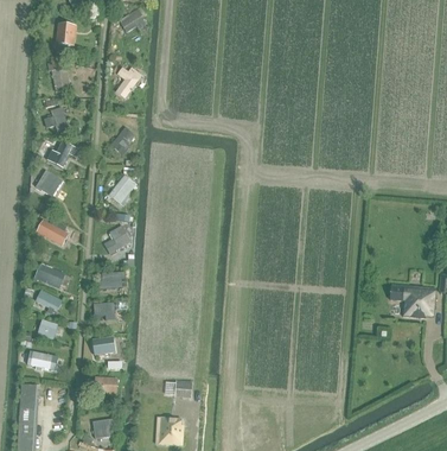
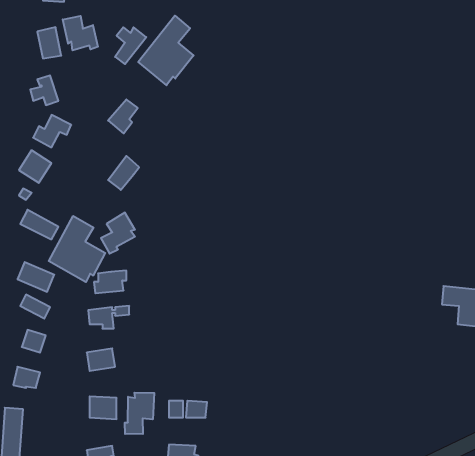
building: none -> [138,16,194,85]
building: none -> [63,16,98,50]
building: none -> [49,216,105,282]
building: none -> [125,393,154,434]

